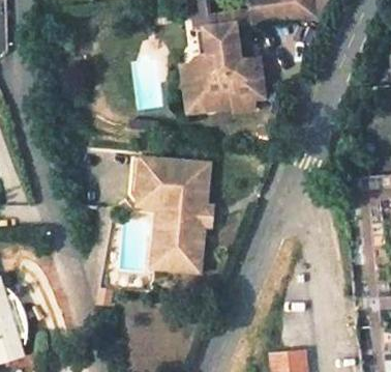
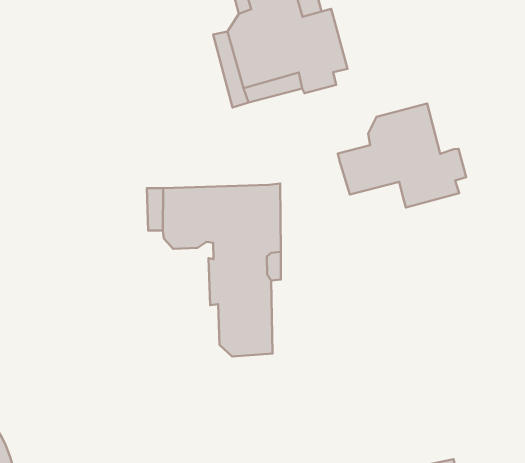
building: none -> [338,104,466,207]

